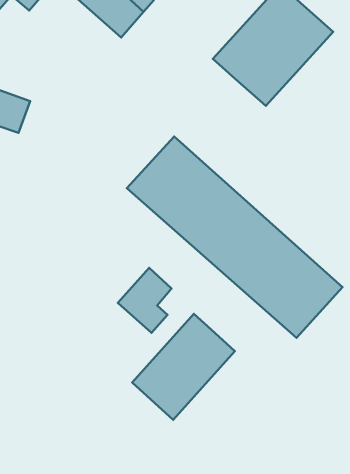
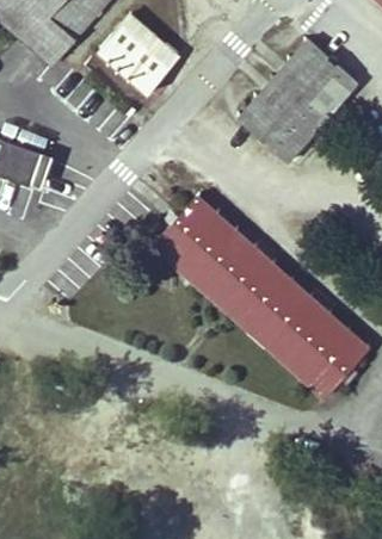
building: [118,268,171,333] -> none
building: [132,314,235,420] -> none

